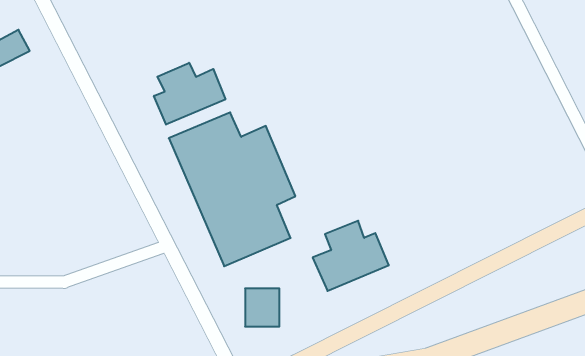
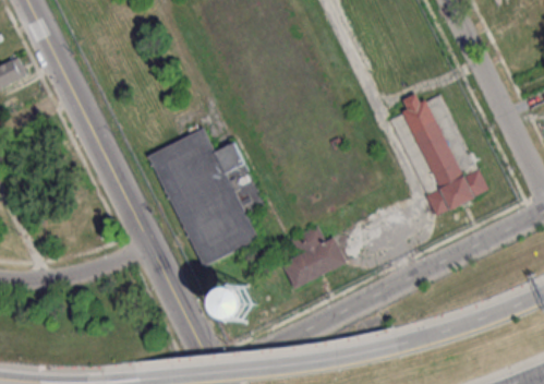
building: [154,63,225,125] -> none
building: none -> [391,94,489,216]

